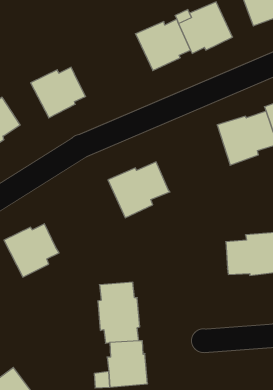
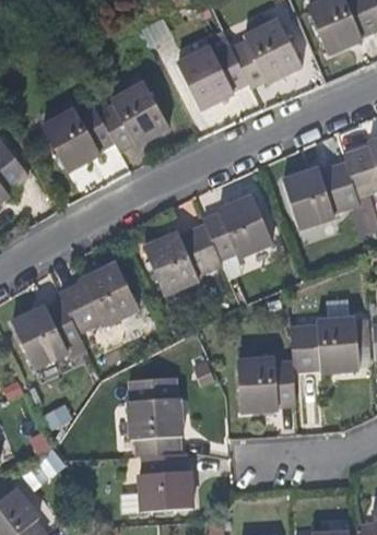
building: none -> [98,85,169,152]
building: none -> [200,194,270,260]
building: none -> [57,264,136,333]
building: none -> [237,355,297,409]

